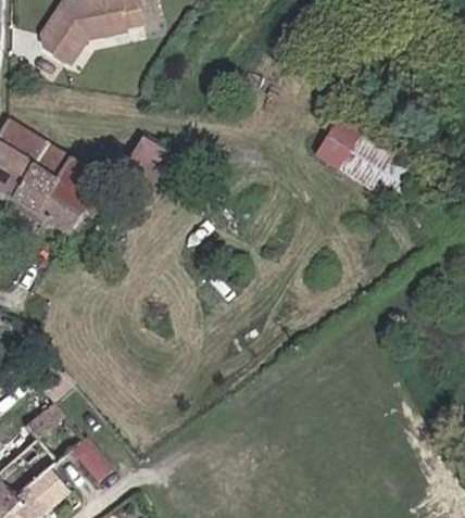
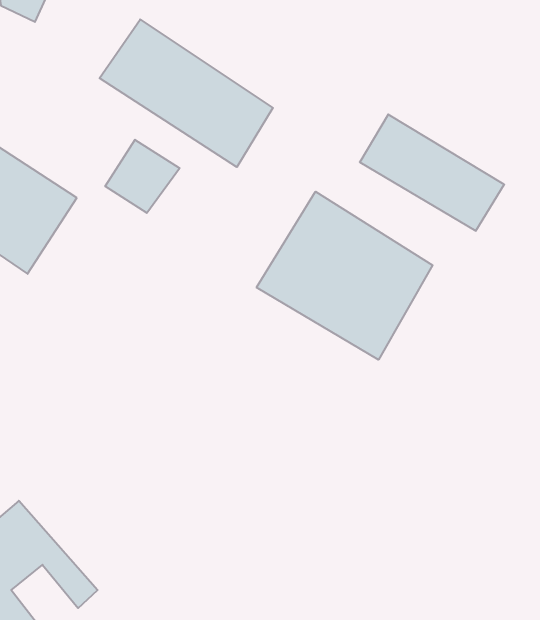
building: none -> [100,19,273,167]
building: none -> [257,192,433,360]

